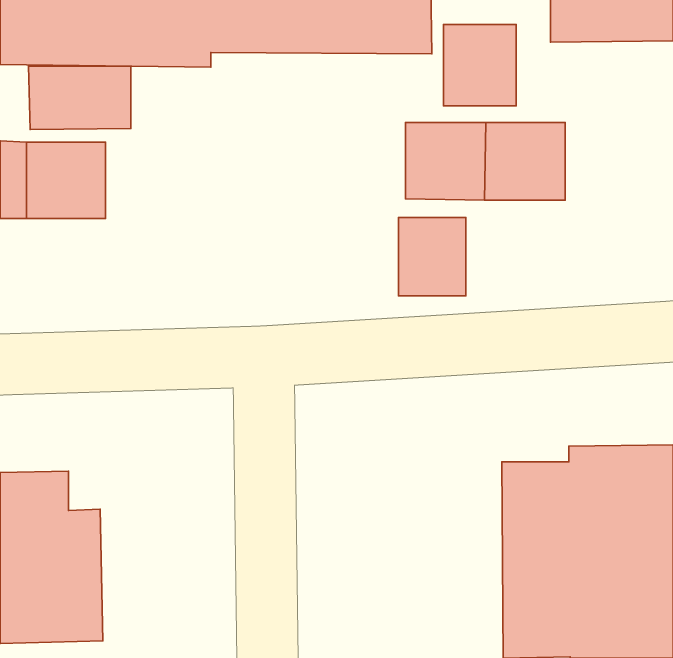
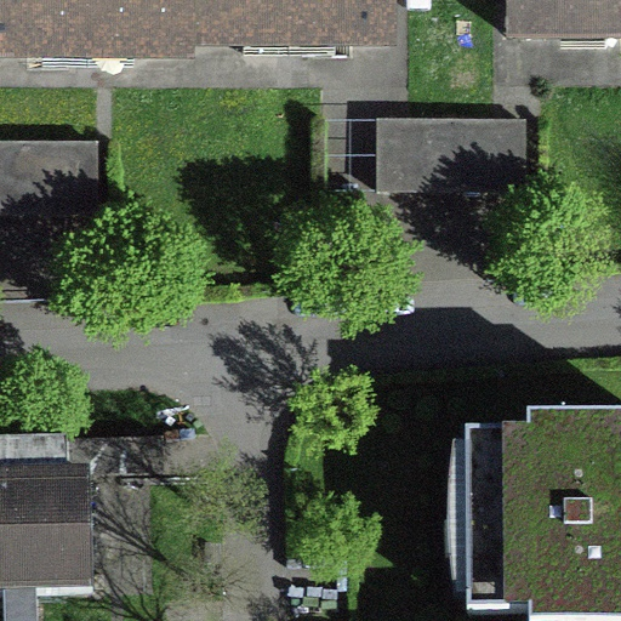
building: [444,24,516,106] -> none
building: [29,66,131,130] -> none
building: [399,218,466,296] -> none

